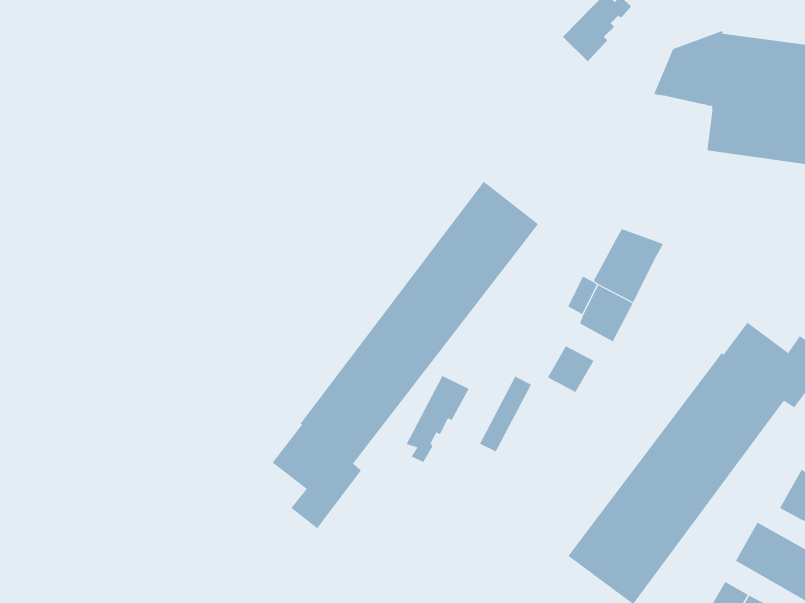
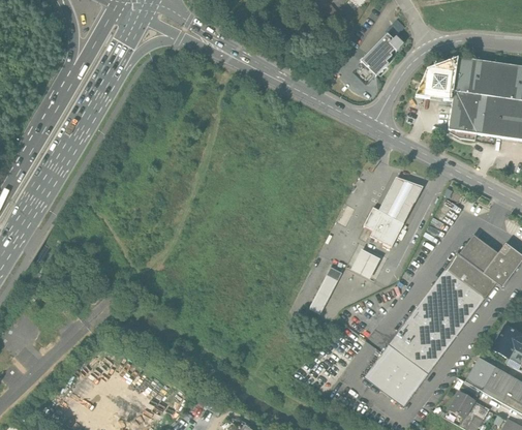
building: [272,181,539,529] -> none
building: [406,375,469,463] -> none

